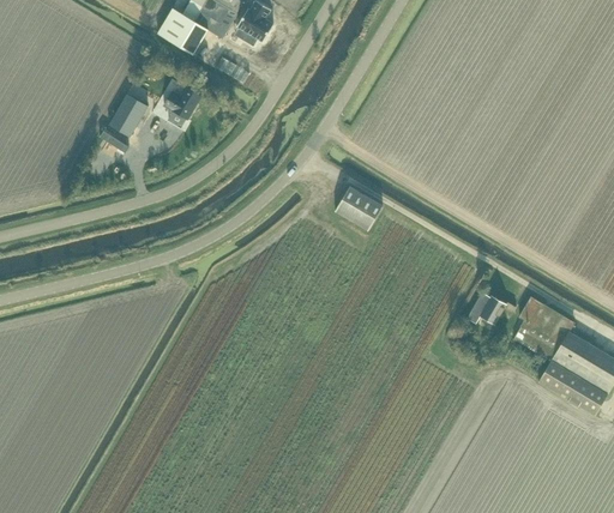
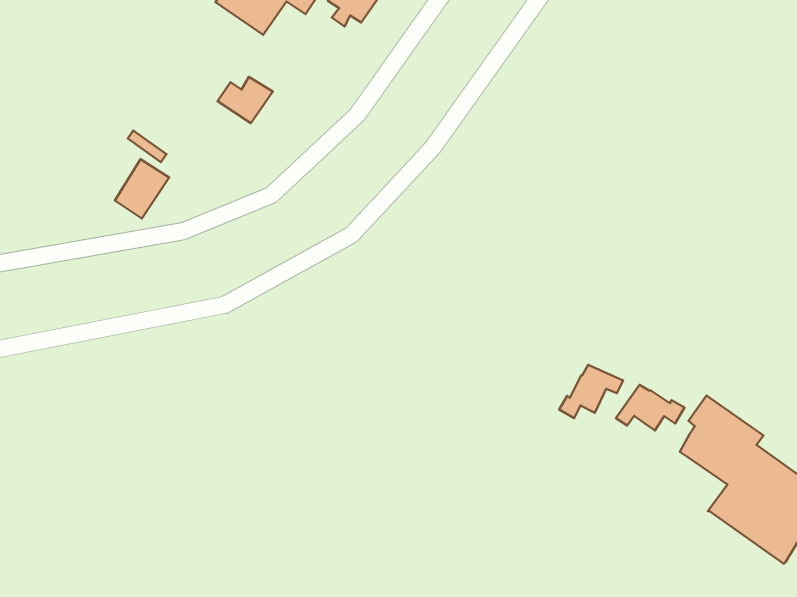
building: [109,93,148,137] -> [115,159,169,219]
building: [335,186,383,231] -> none
building: none -> [559,365,623,418]

